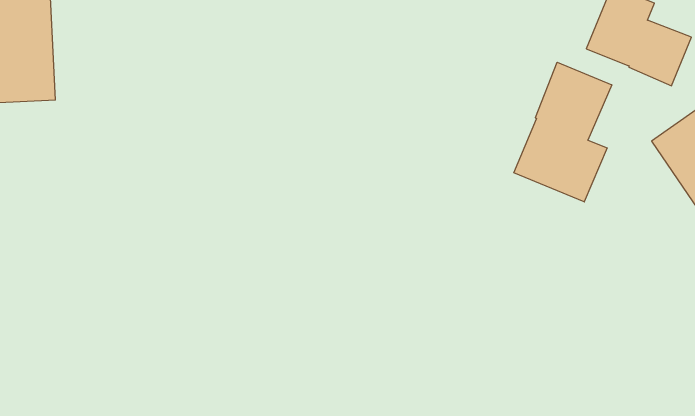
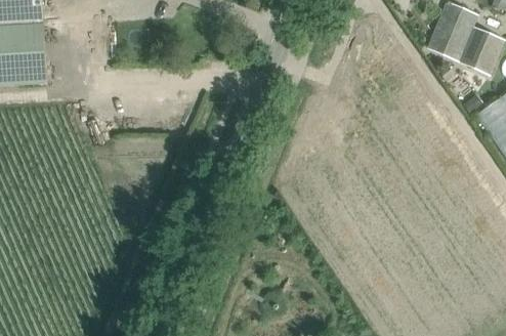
building: [514,62,612,202] -> none

